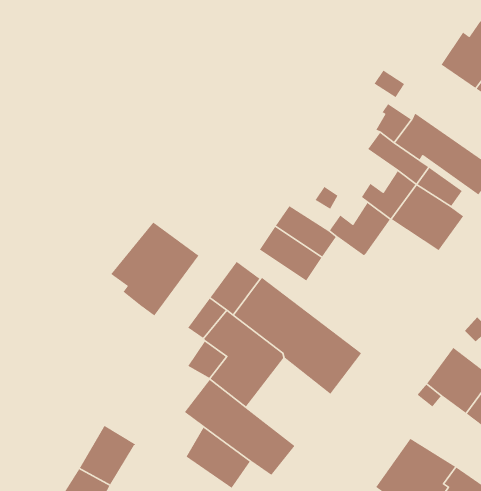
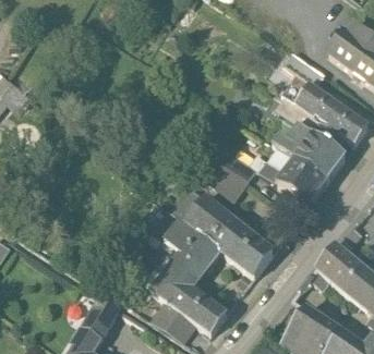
building: none -> [277,156,326,202]
building: [110,221,199,316] -> none

